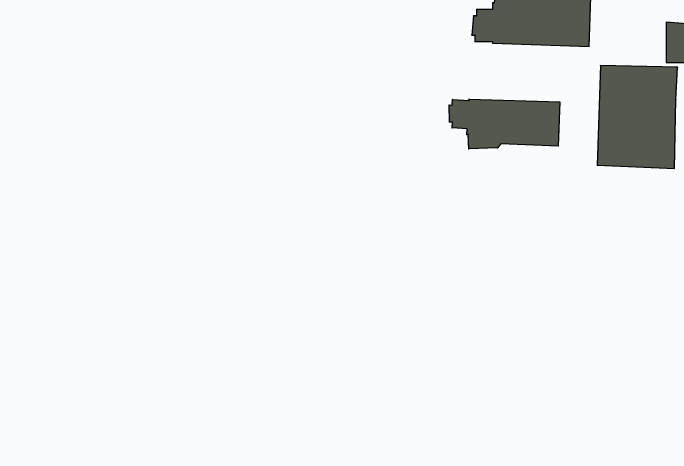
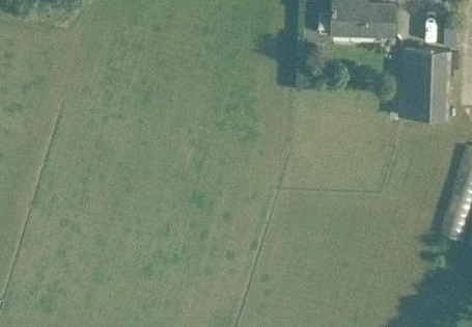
building: [449,99,560,149] -> none

